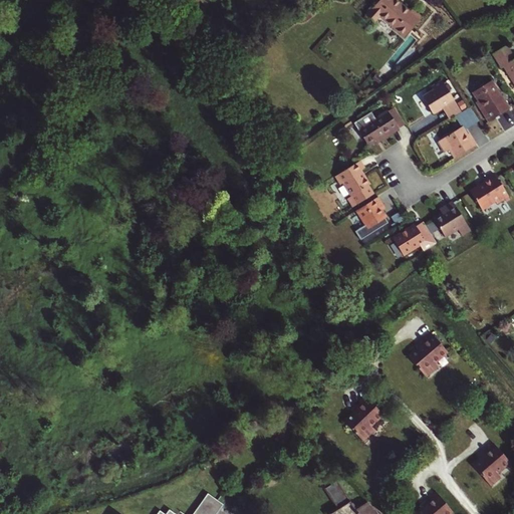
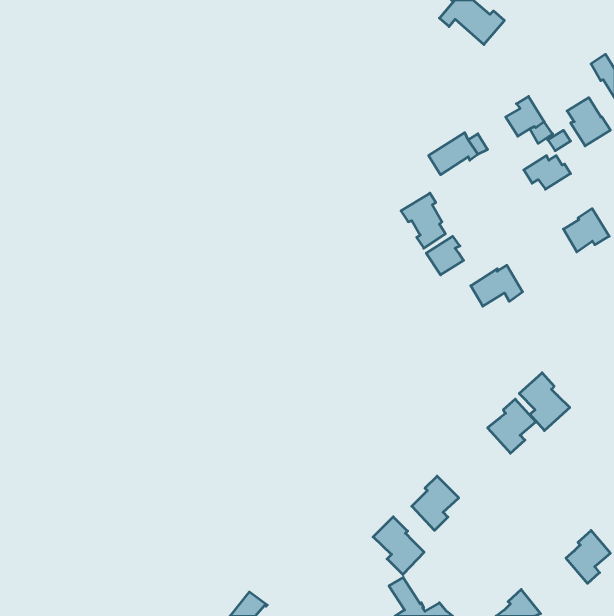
building: [434,201,470,237] -> none
building: none -> [519,373,570,431]
building: none -> [373,517,424,575]

